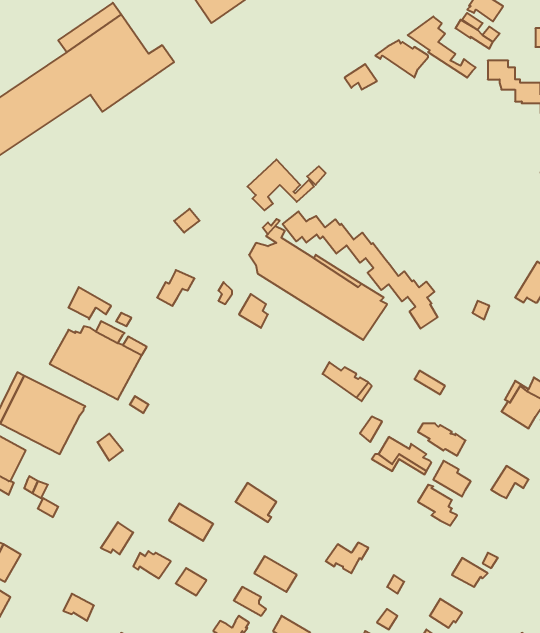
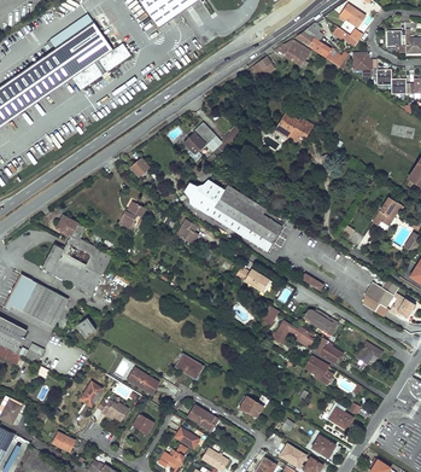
building: none -> [275,112,312,138]
building: [283,211,438,329] -> none

